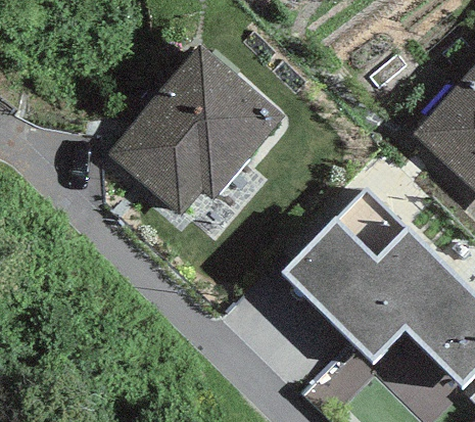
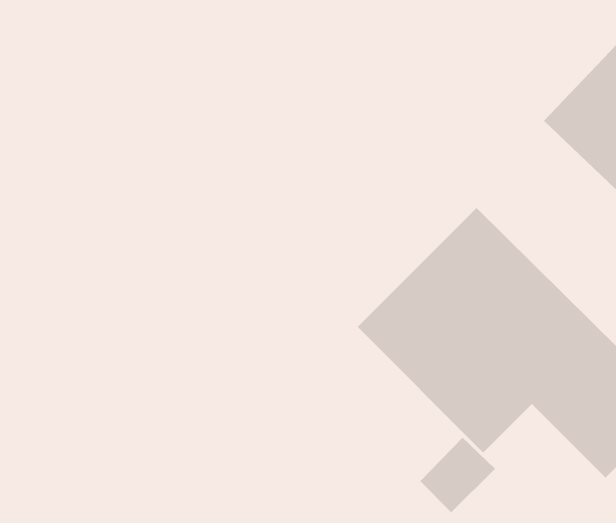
building: [118,51,284,216] -> none

